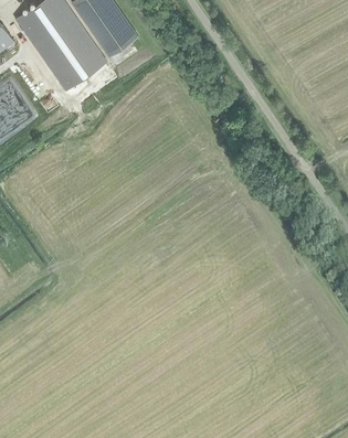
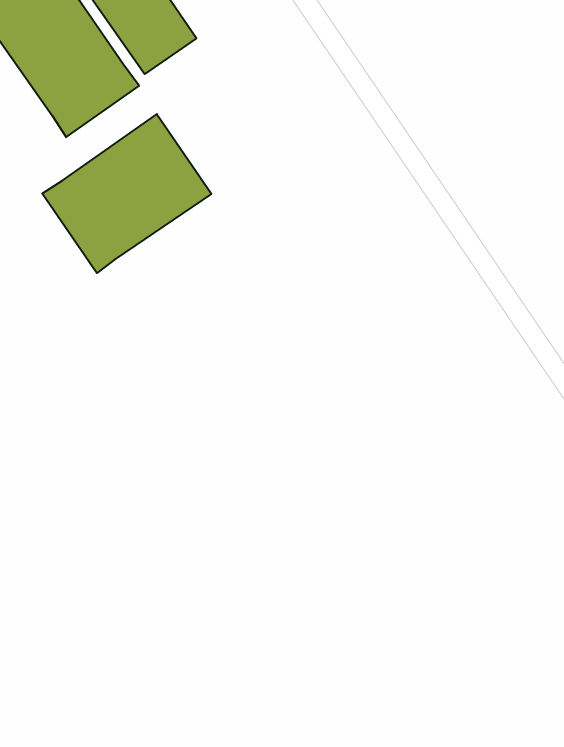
building: none -> [42,114,211,273]

